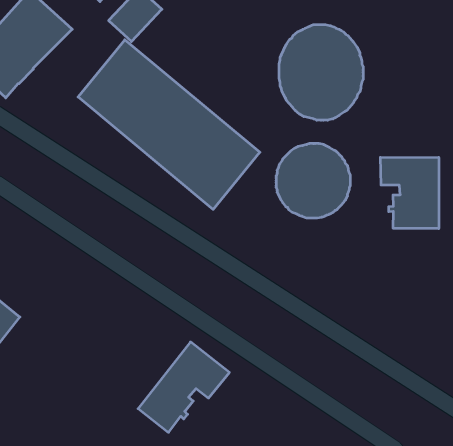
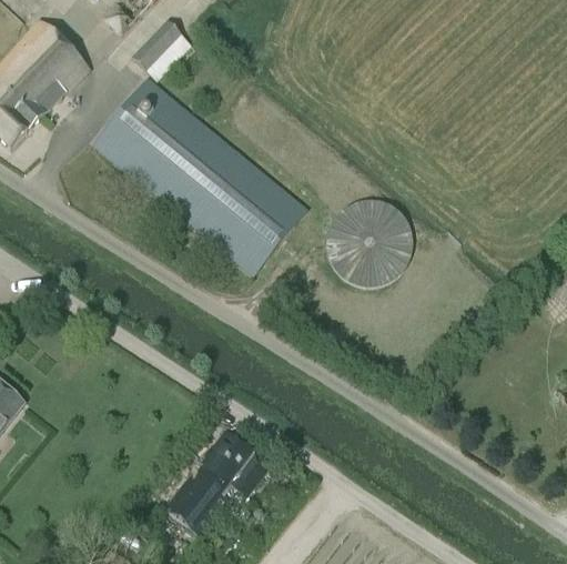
building: [279,25,363,120] -> none
building: [380,157,439,229] -> none

